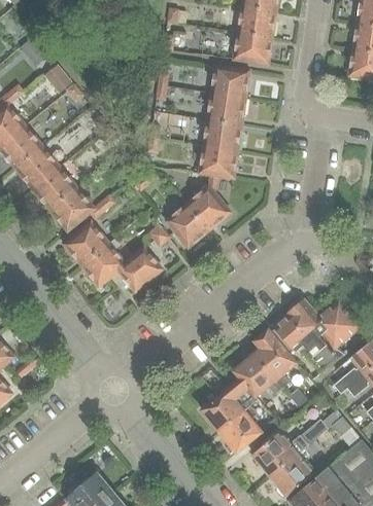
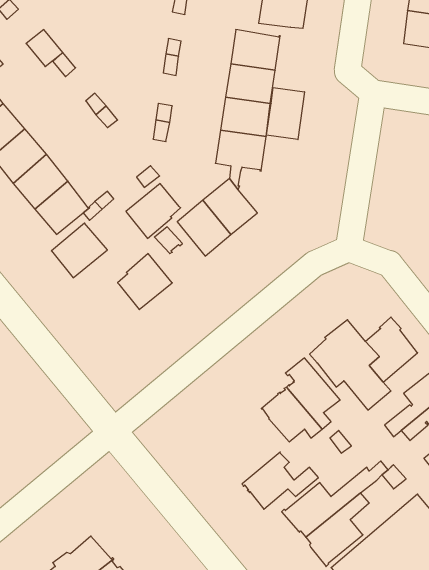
building: none -> [266,88,304,140]
building: [81,242,126,286] -> [126,184,181,238]
building: [201,378,258,431] -> none

